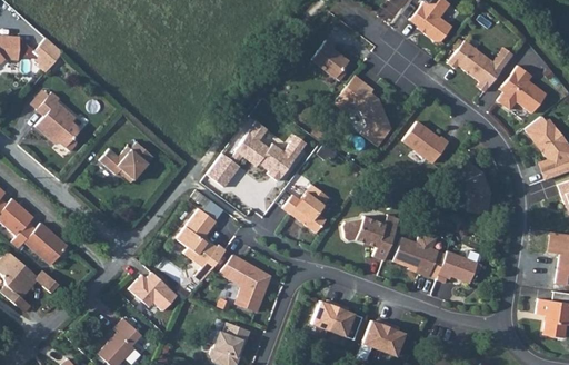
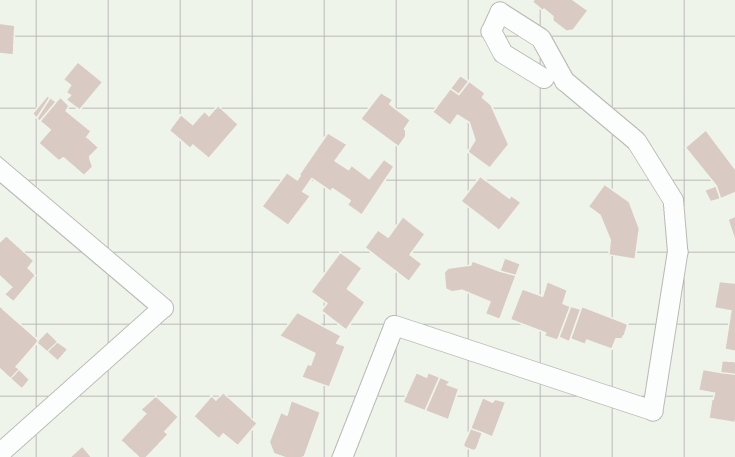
building: [34,37,64,73] -> [63,62,103,110]
building: [310,40,348,81] -> [360,92,410,147]
building: [447,40,495,83] -> none
building: [497,66,545,114] -> none
building: [402,122,448,164] -> [461,176,521,230]
building: [100,142,152,182] -> [169,106,238,158]
building: [176,208,217,267] -> [311,252,365,330]
building: [22,221,67,265] -> none
building: [130,270,178,310] -> [194,393,257,446]
building: [379,323,405,355] -> none

